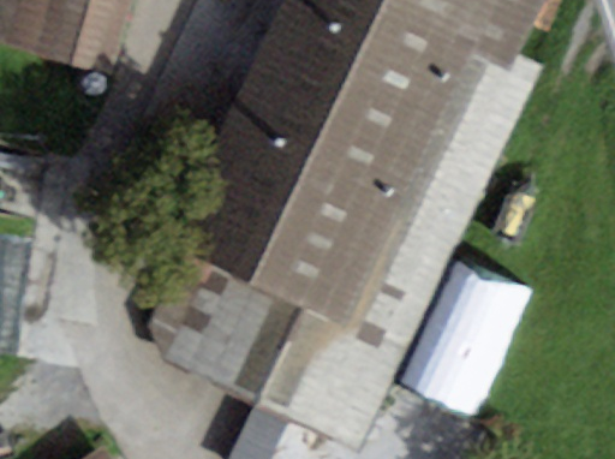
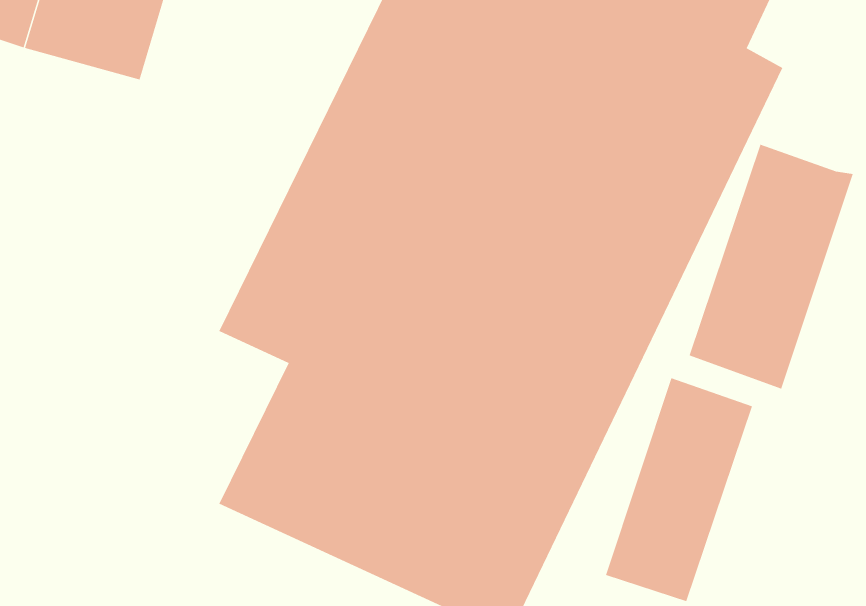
building: none -> [689,144,854,389]

